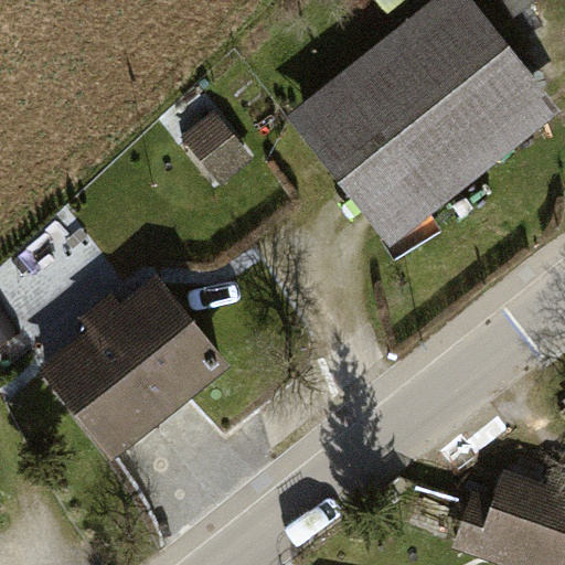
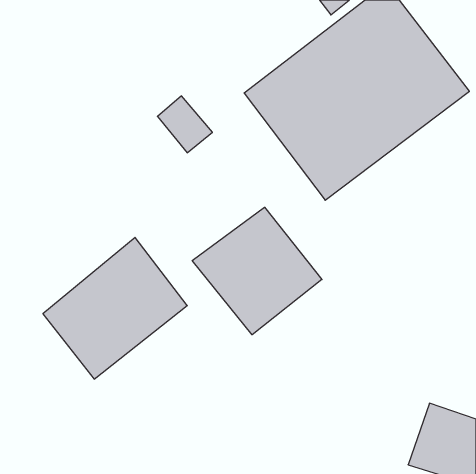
building: none -> [192,207,322,335]

